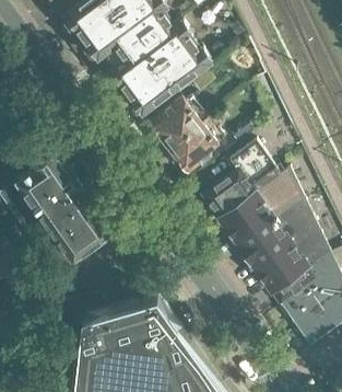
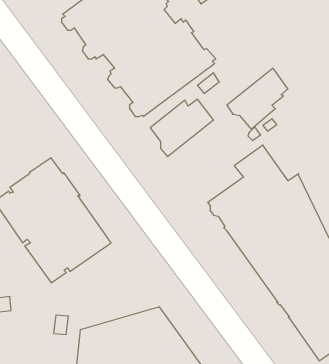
building: [166,118,224,176] -> [227,68,288,129]

